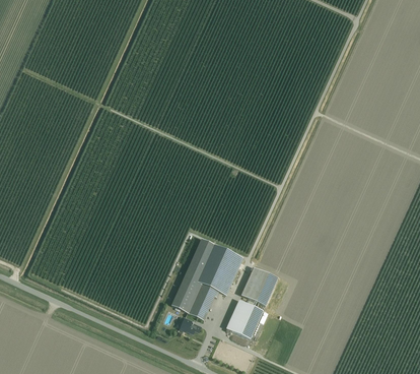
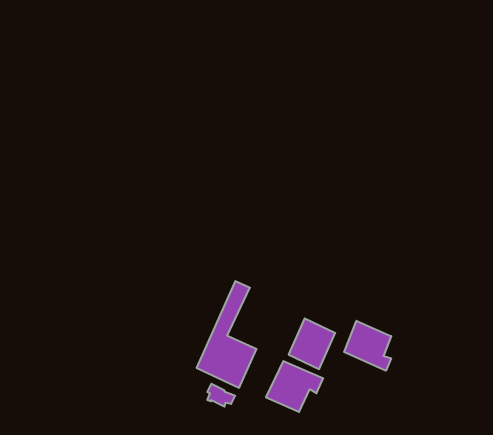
building: [195,243,242,294] -> none
building: none -> [344,321,391,371]

